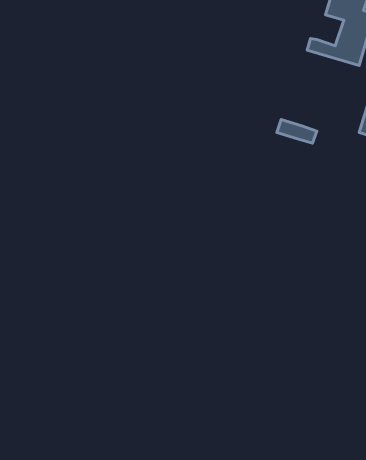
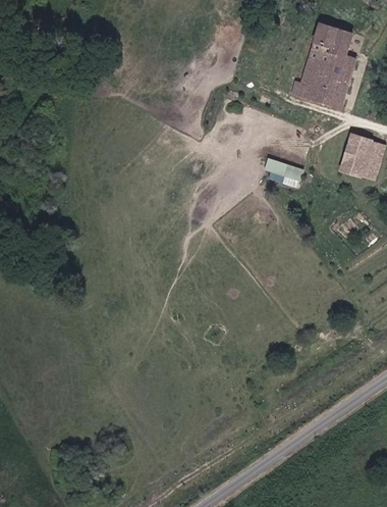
building: none -> [300,59,326,89]

